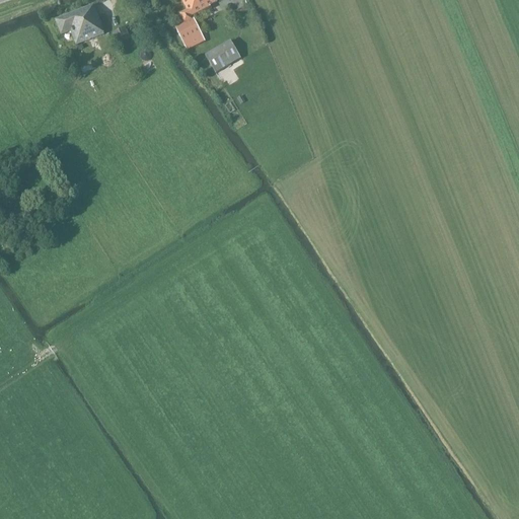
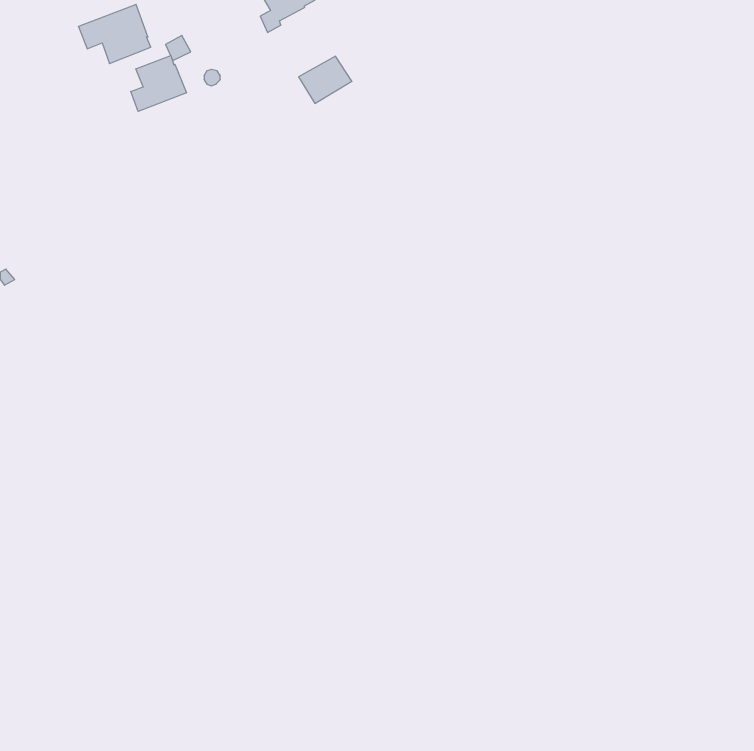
building: [176,17,205,48] -> none
building: none -> [131,56,186,111]

